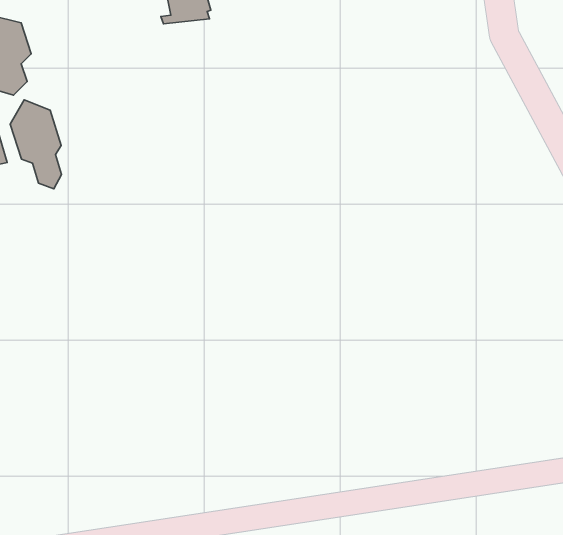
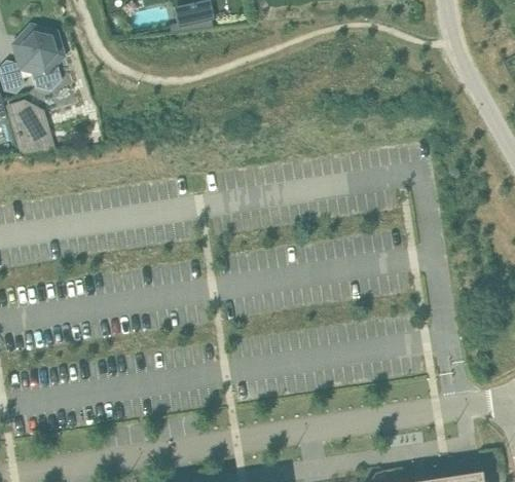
building: [10,100,61,189] -> none

